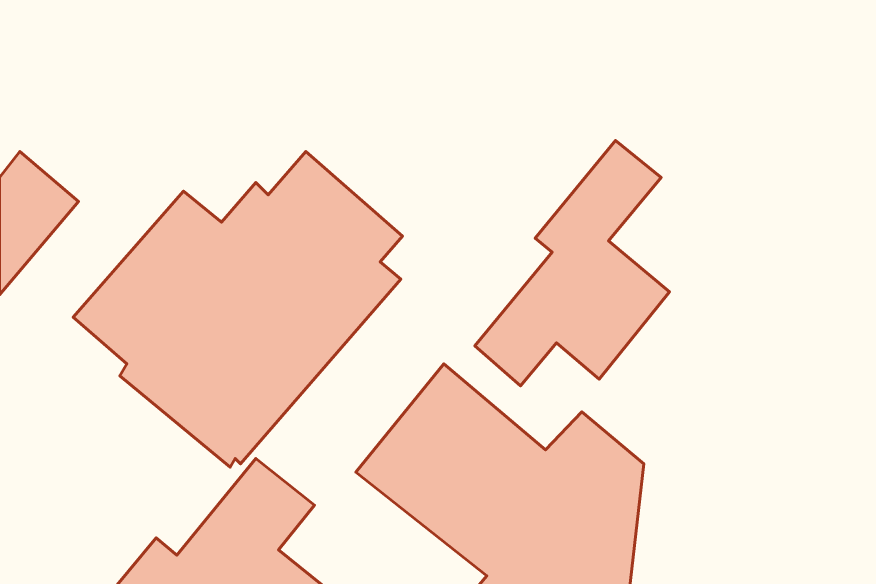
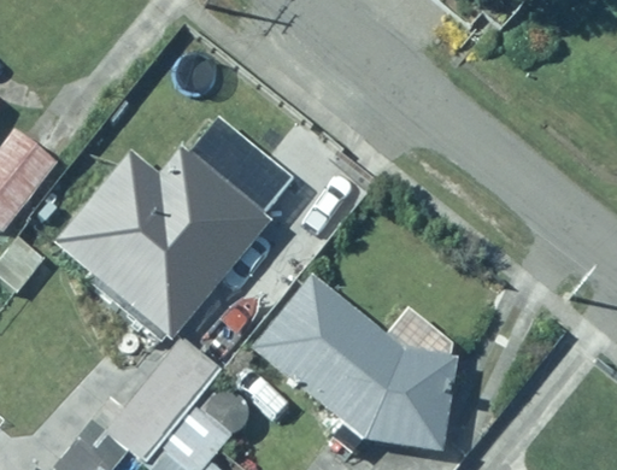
building: [475,141,669,386] -> none

